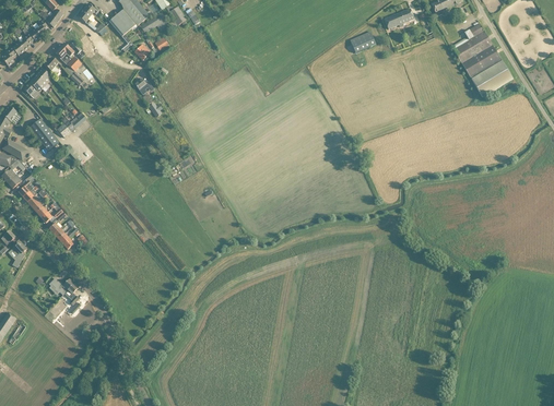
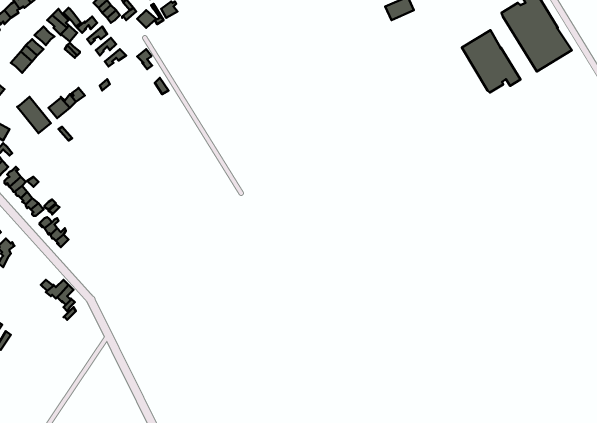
building: none -> [462,30,520,93]

